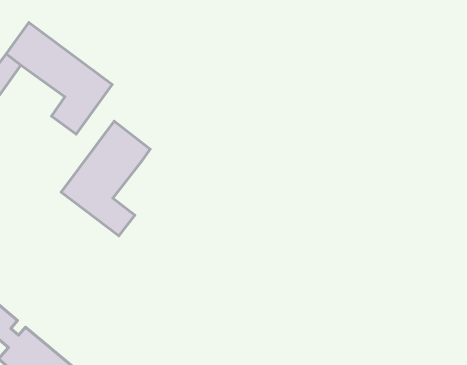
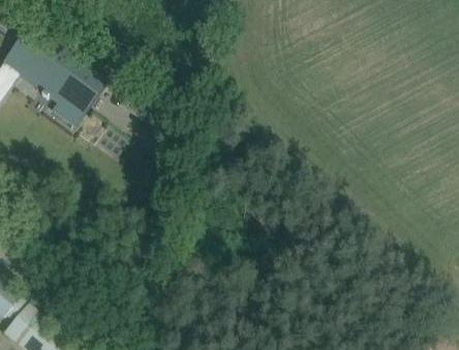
building: [61,121,150,236] -> none

